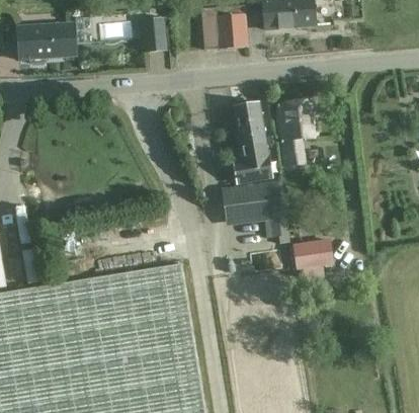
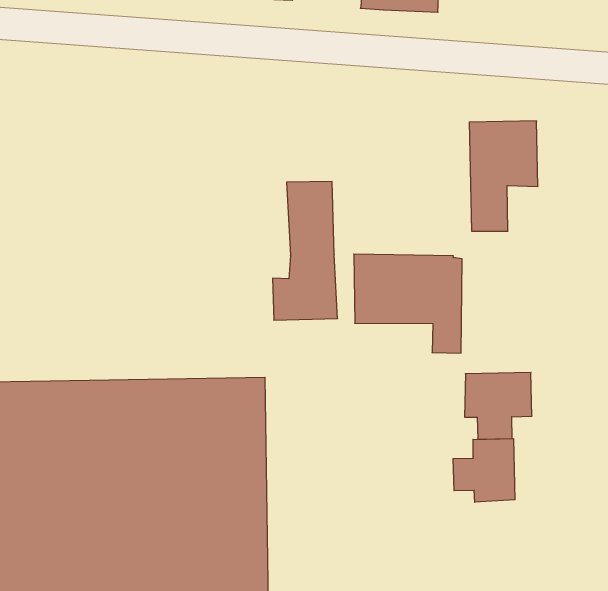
building: [233,101,272,183] -> [273,182,338,320]
building: none -> [453,439,515,502]

